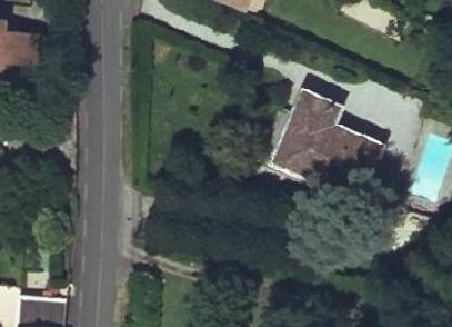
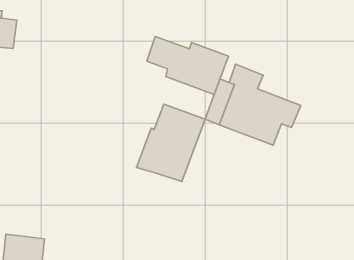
building: none -> [147,37,229,94]
building: none -> [136,104,205,181]

